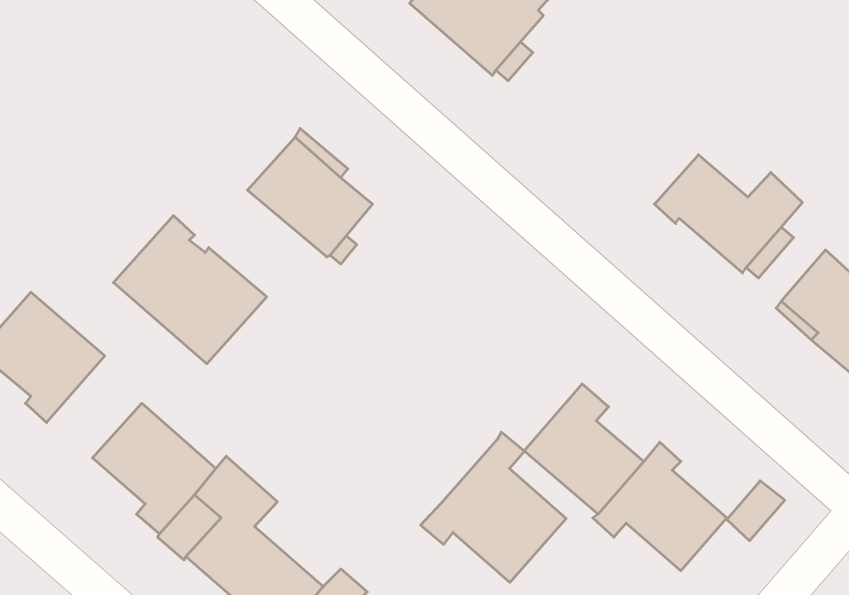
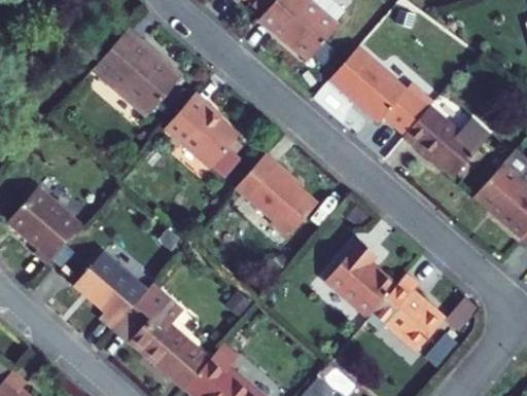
building: none -> [329,47,432,134]
building: [113,216,267,364] -> [93,30,182,116]
building: none -> [235,153,318,238]
building: [421,432,566,582] -> none

